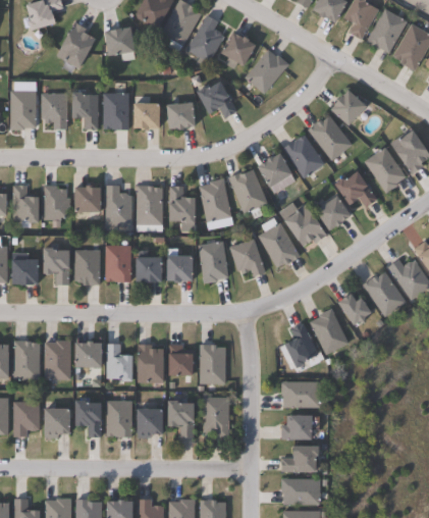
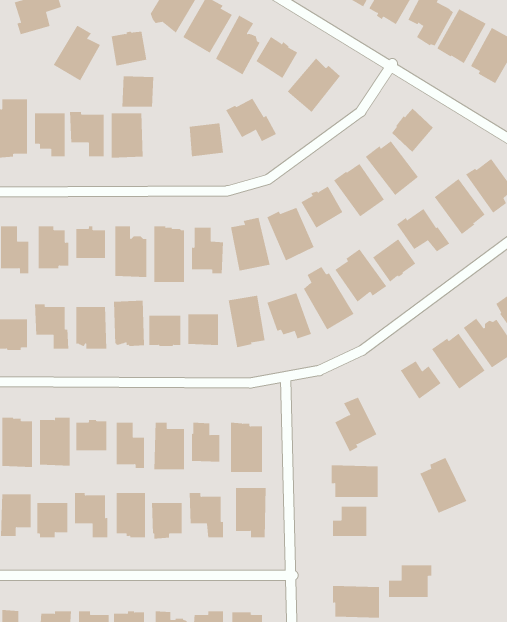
building: [132,102,159,127] -> [121,76,154,107]
building: [311,308,350,354] -> [419,457,467,514]
building: [282,443,318,469] -> [388,565,432,598]

